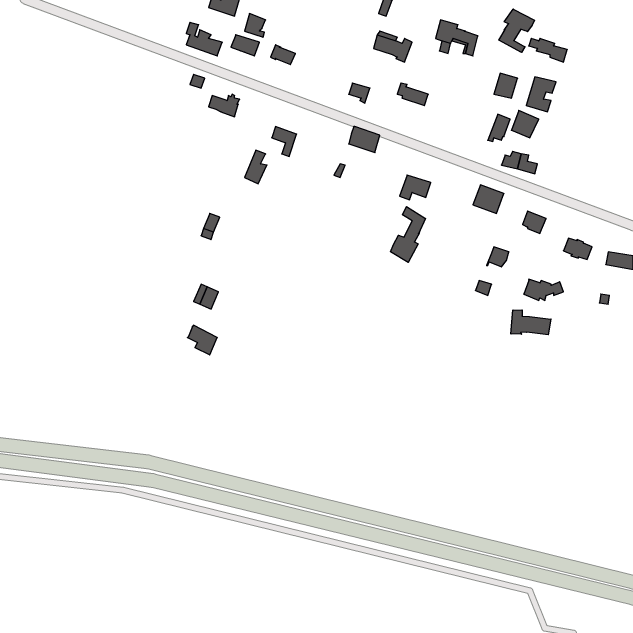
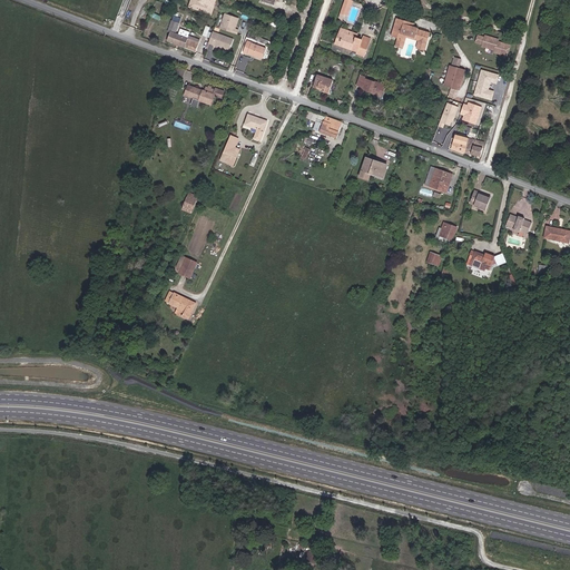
building: [499,9,535,52] -> none
building: [390,207,425,262] -> none
building: [511,310,551,335] -> none

